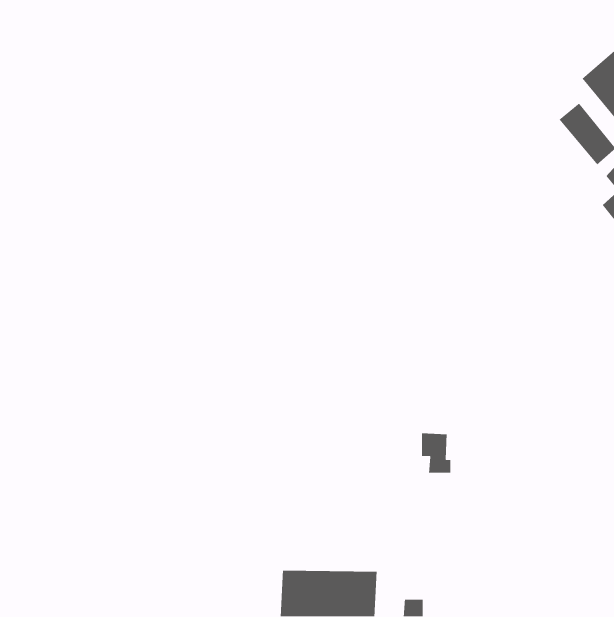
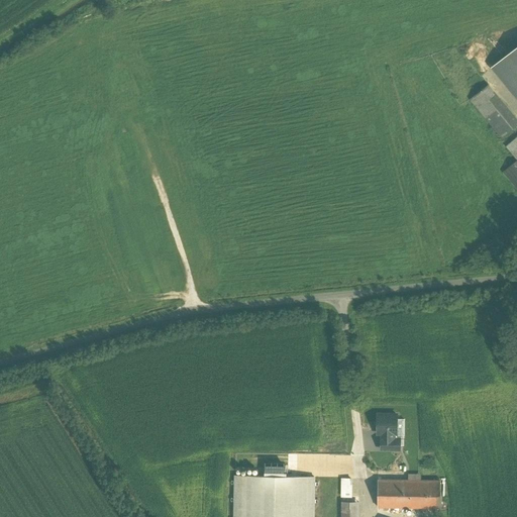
building: [421,433,451,474] -> [374,415,399,449]
building: none -> [378,482,442,509]

